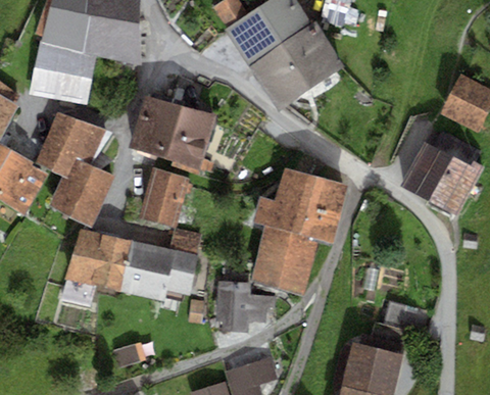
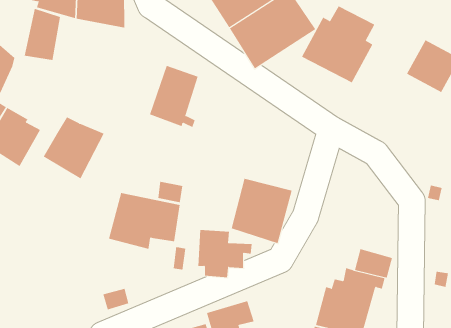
building: [60,52,95,104] -> none
building: [129,94,182,157] -> none
building: [36,114,107,177] -> none
building: [401,131,481,214] -> [301,5,375,83]
building: [252,166,348,243] -> none
building: [140,168,193,225] -> none
building: [60,229,133,303] -> none

